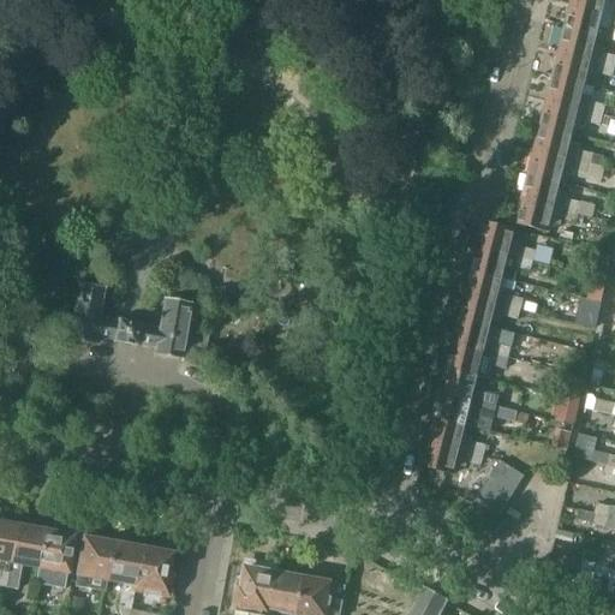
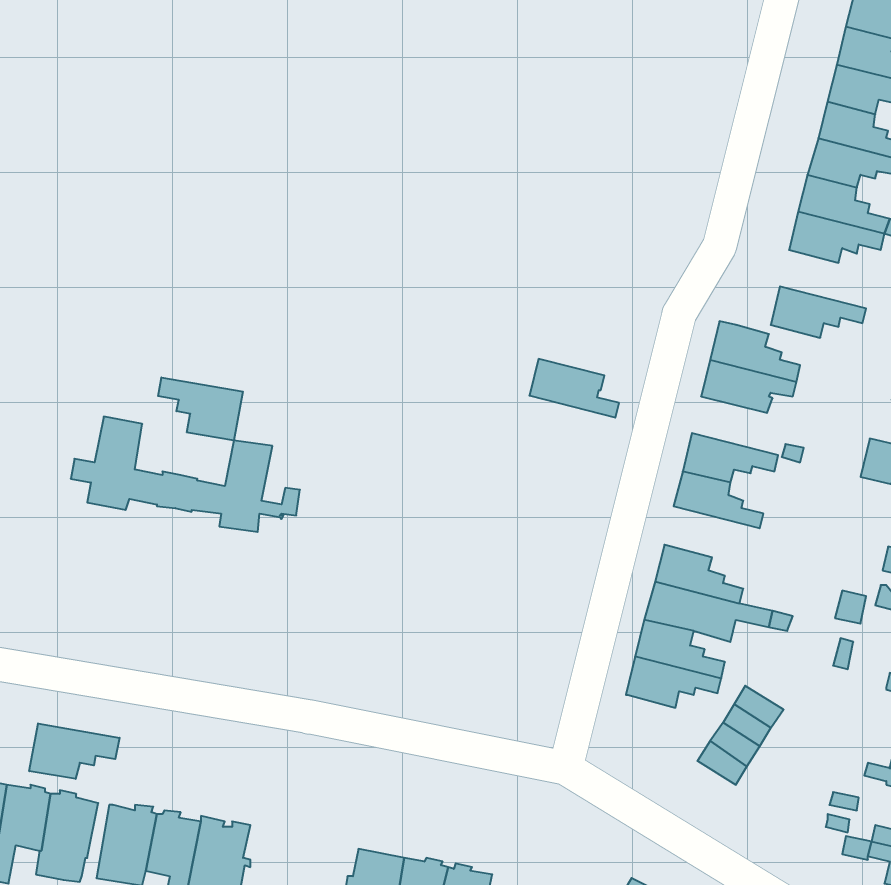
building: [521,172,580,210] -> none
building: none -> [158,377,243,440]
building: [464,268,523,306] -> [529,359,619,418]
building: [446,340,508,376] -> none
building: none -> [29,723,120,779]

